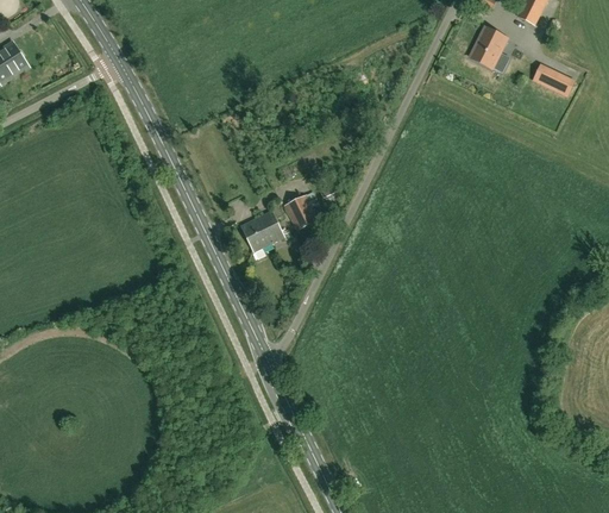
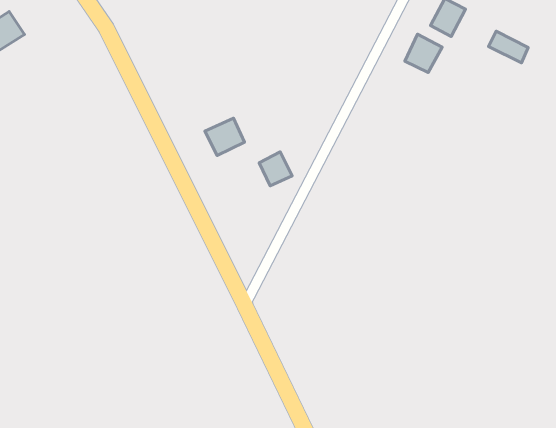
building: none -> [405,34,442,73]
building: [240,212,283,252] -> [205,118,244,155]

